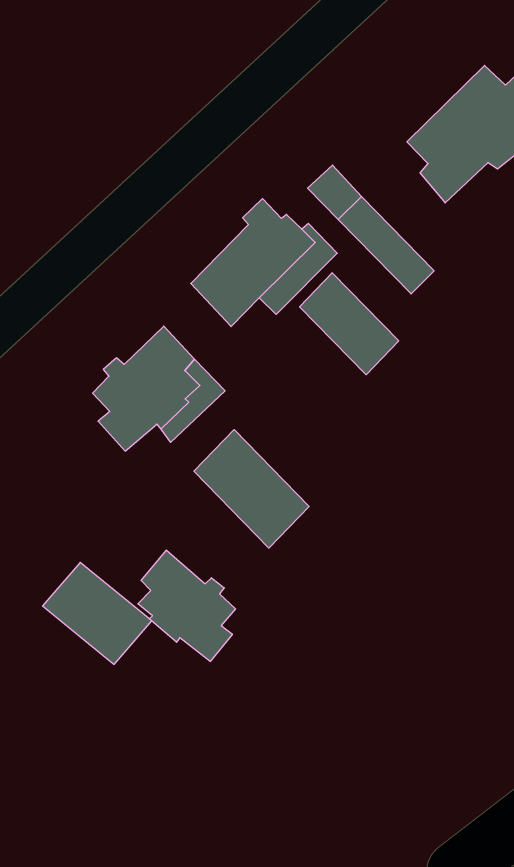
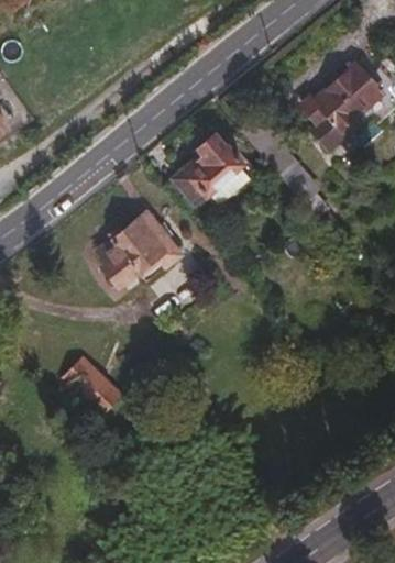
building: [300,273,399,375] -> none
building: [194,430,309,548] -> none
building: [138,550,236,661] -> none

